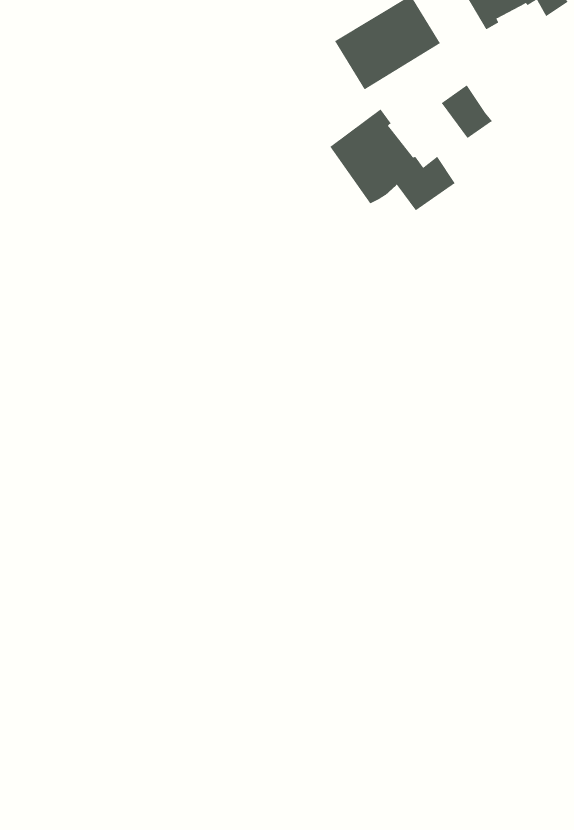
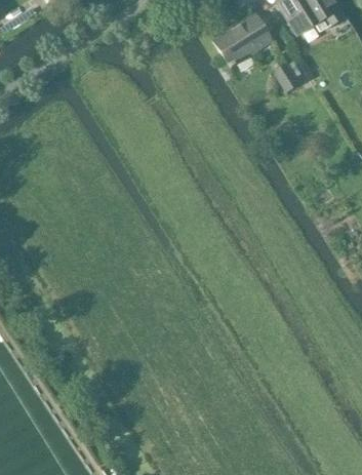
building: [329,108,456,211] -> none

